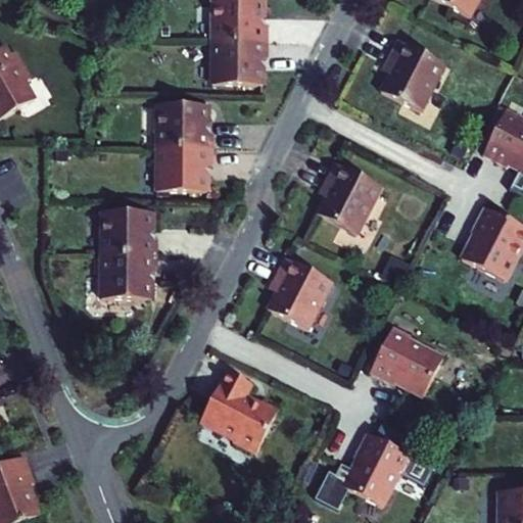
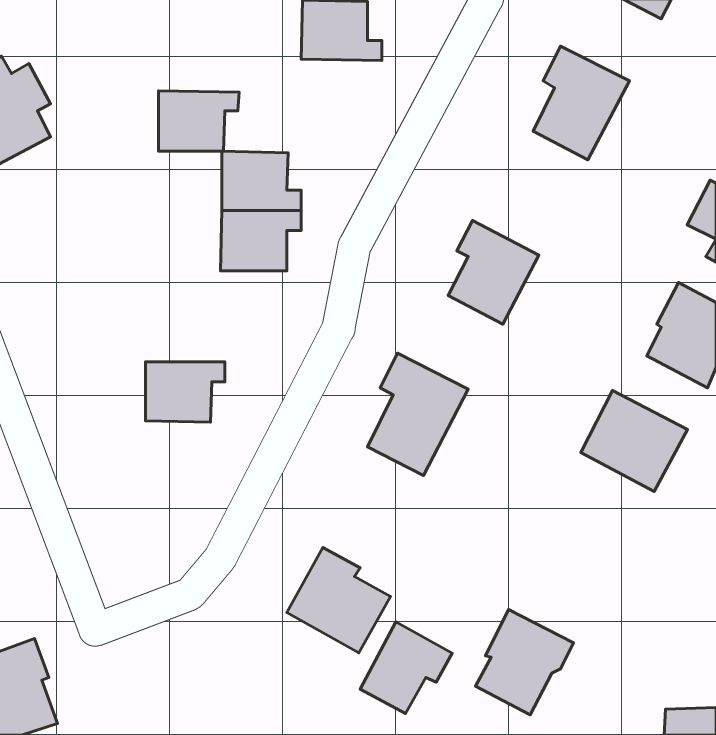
building: [213,42,271,85] -> [159,91,239,151]
building: [103,215,160,256] -> none
building: [369,323,444,394] -> [581,391,687,491]
building: none -> [360,622,452,713]

